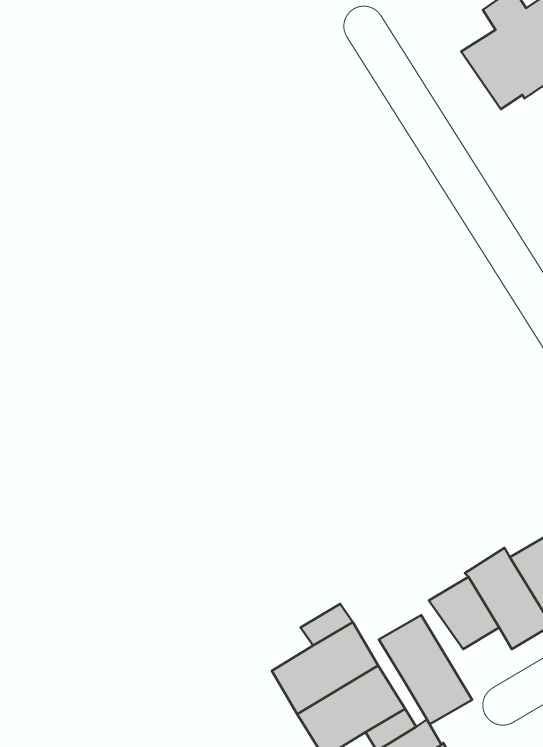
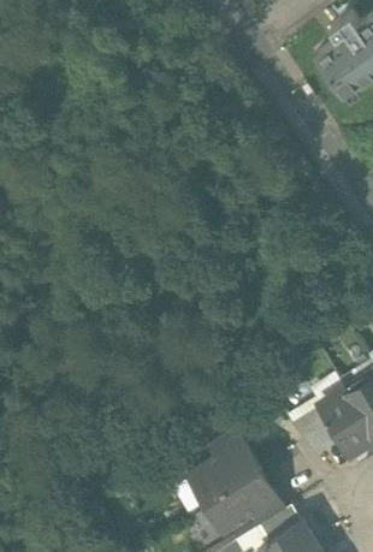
building: [379,615,472,724] -> none

